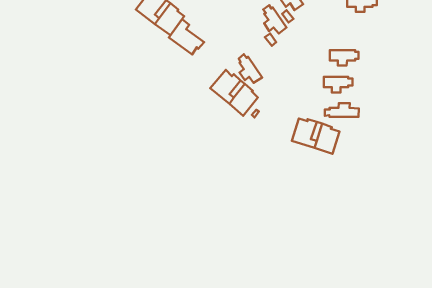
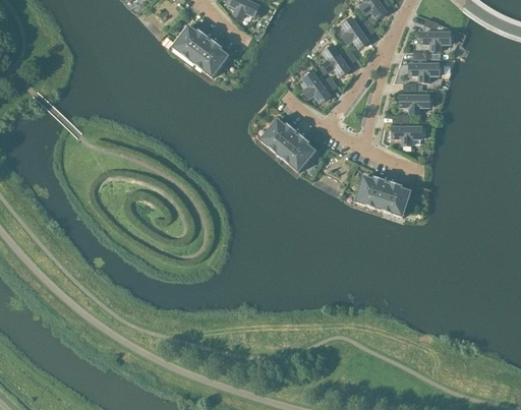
building: [169,19,204,55] -> none
building: none -> [409,63,444,81]
building: [239,54,262,83] -> [302,68,330,102]
building: [325,103,359,117] -> none

